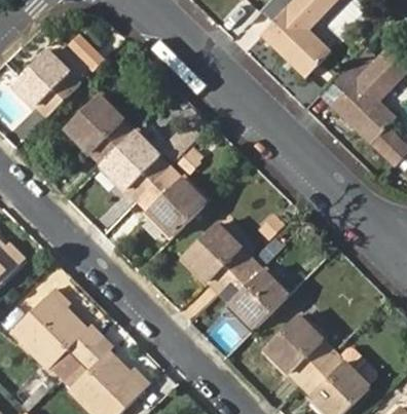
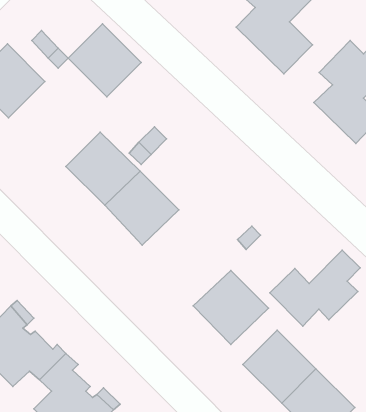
building: [65,96,133,163] -> [68,24,141,97]
building: [184,223,254,293] -> none
building: none -> [270,250,360,326]

